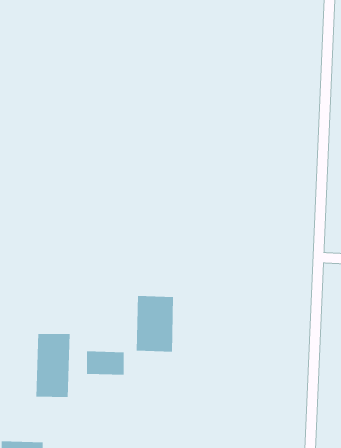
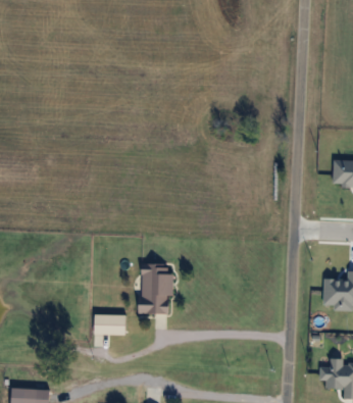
building: [36,333,70,398] -> none

